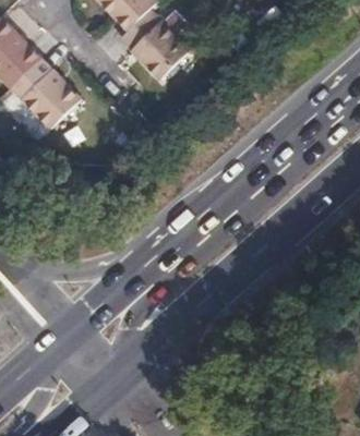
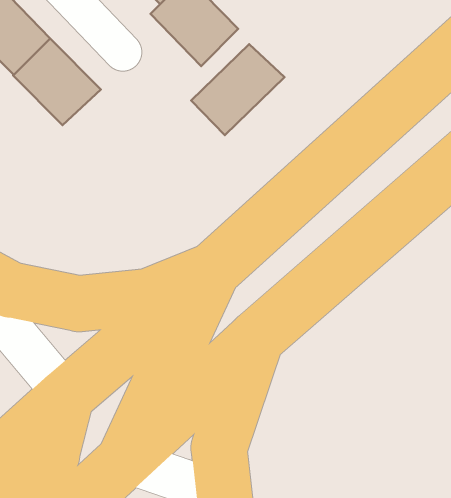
building: none -> [191,44,284,135]

